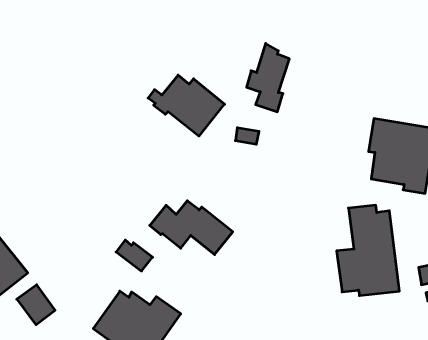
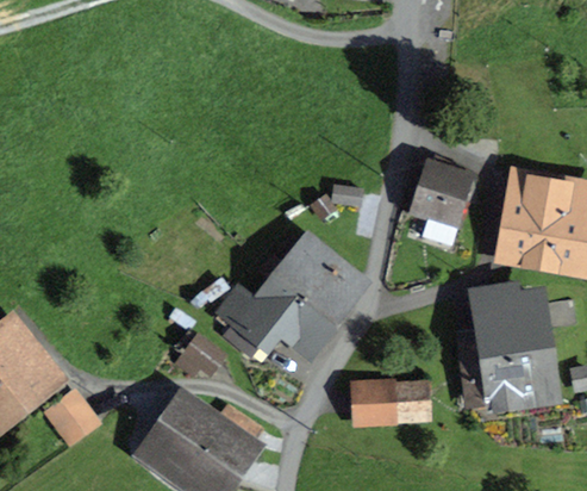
building: [247,43,289,112] -> [410,155,466,244]
building: [148,75,225,136] -> [261,241,361,321]
building: none -> [357,383,426,422]

